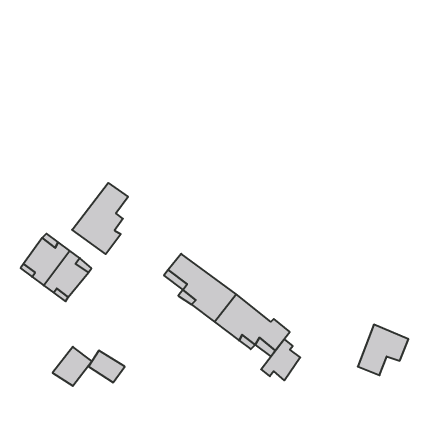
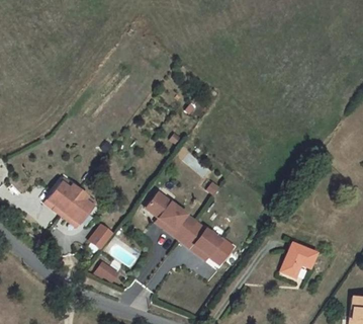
building: [72,183,128,254] -> none
building: [261,339,300,380] -> none
building: [53,347,92,386] -> [85,223,112,250]

